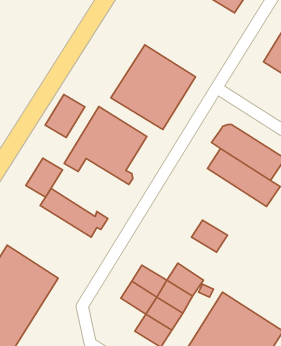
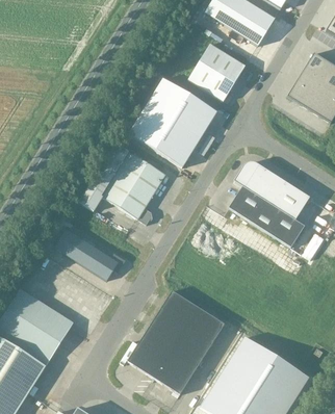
building: none -> [188,44,246,101]
building: [45,95,85,137] -> none
building: [26,158,63,197] -> none
building: [192,220,227,252] -> [160,290,198,324]
building: none -> [127,342,164,377]

